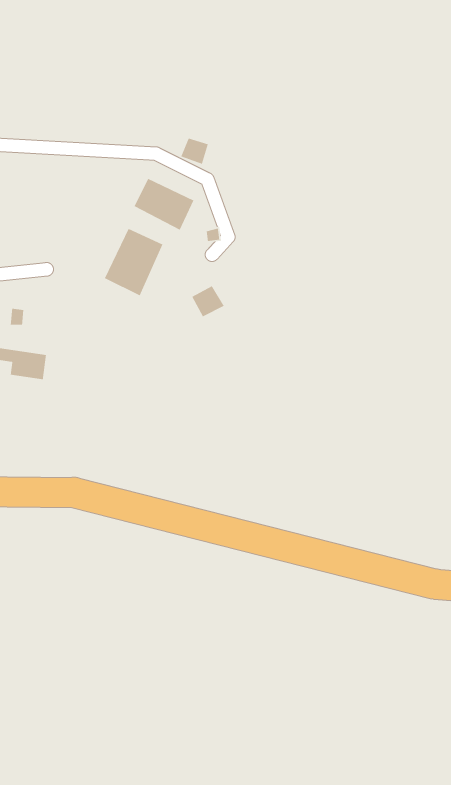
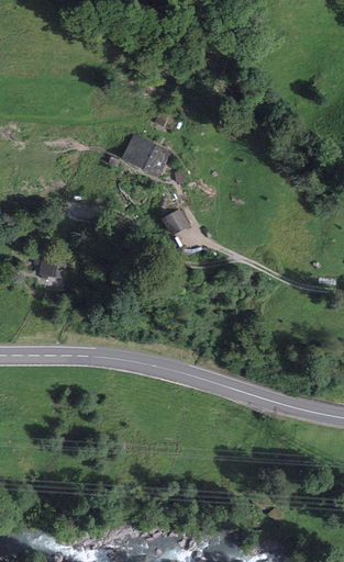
building: [104,228,163,296] -> none

